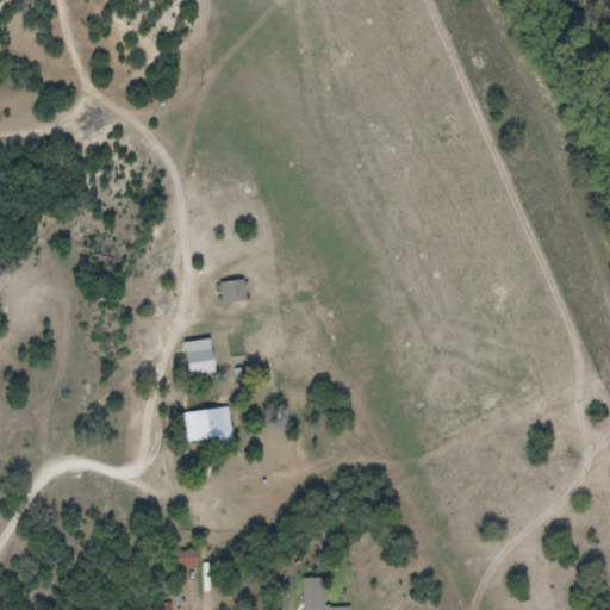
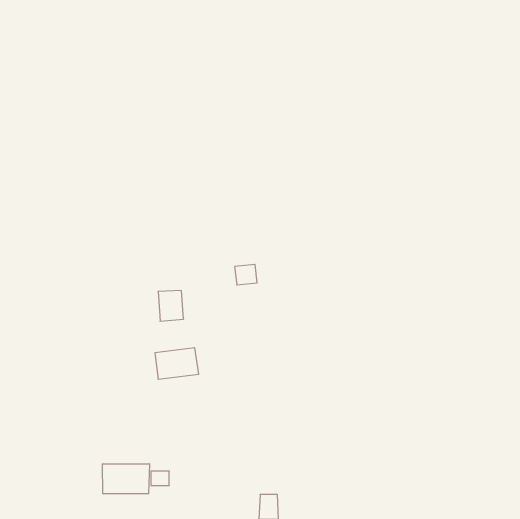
building: [220,280,247,304] -> [235,264,257,285]
building: none -> [103,464,149,494]

